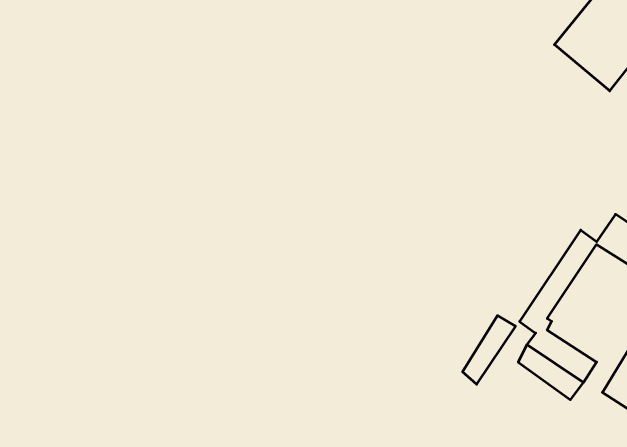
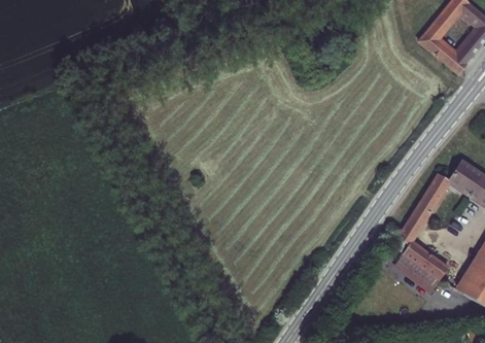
building: [463,316,515,384] -> none

